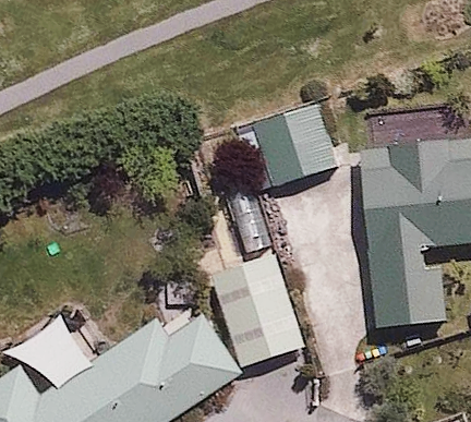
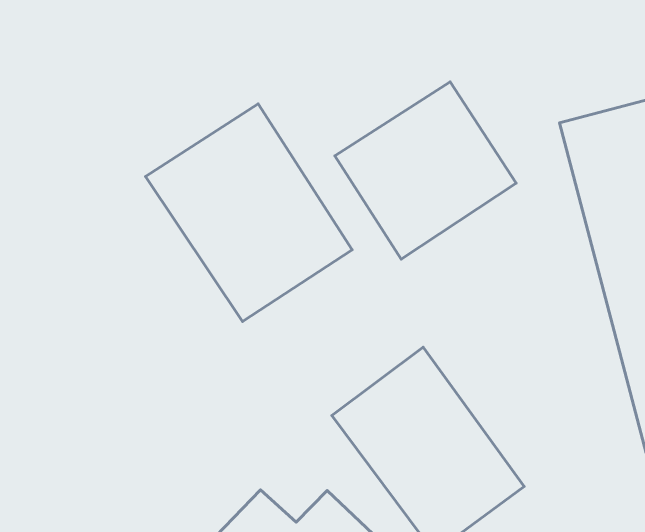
building: none -> [146,104,352,322]

